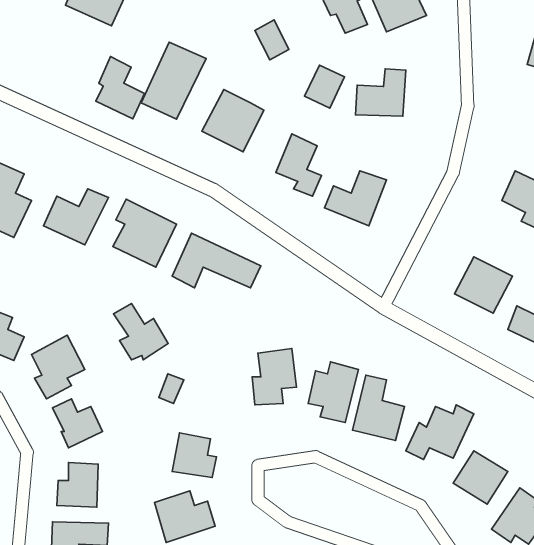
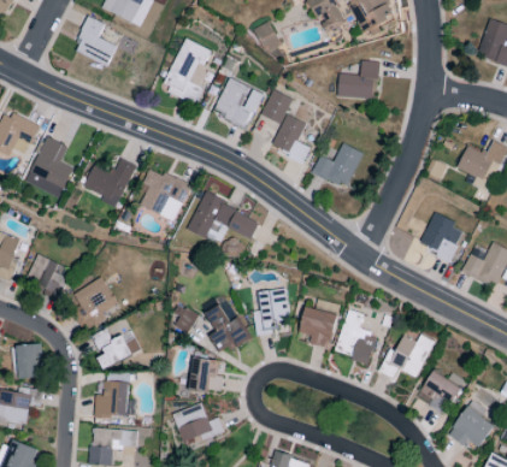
building: [96,57,145,119] -> [76,16,116,66]
building: [305,65,345,108] -> [260,89,293,124]
building: [114,304,168,360] -> [205,305,249,350]

